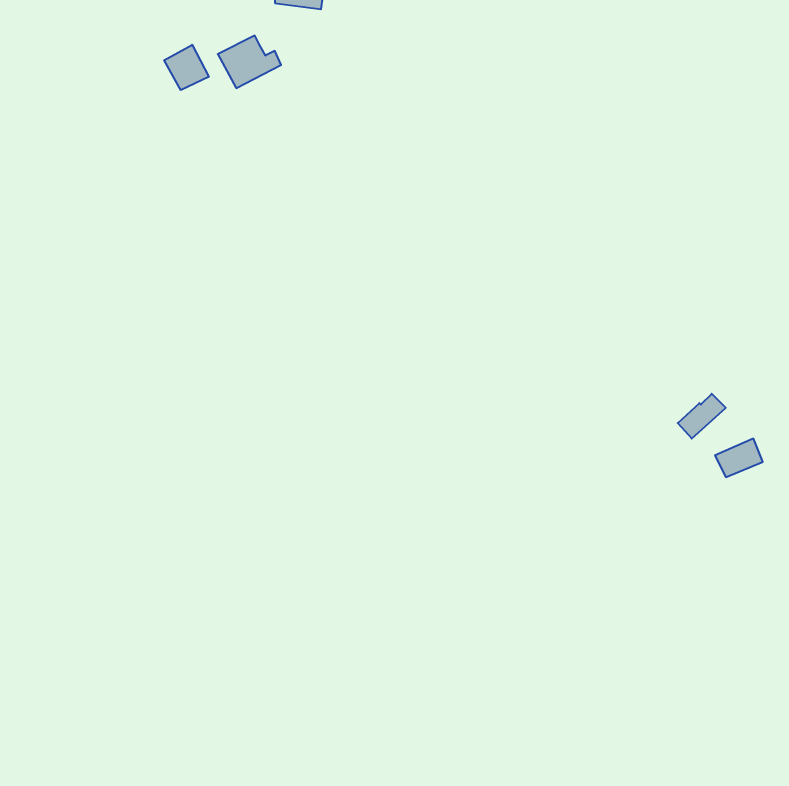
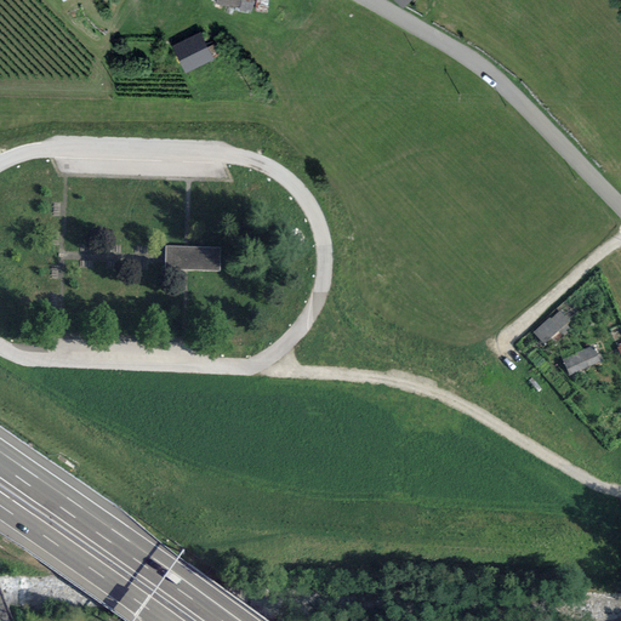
building: [164,45,209,90] -> none
building: none -> [165,246,221,270]

